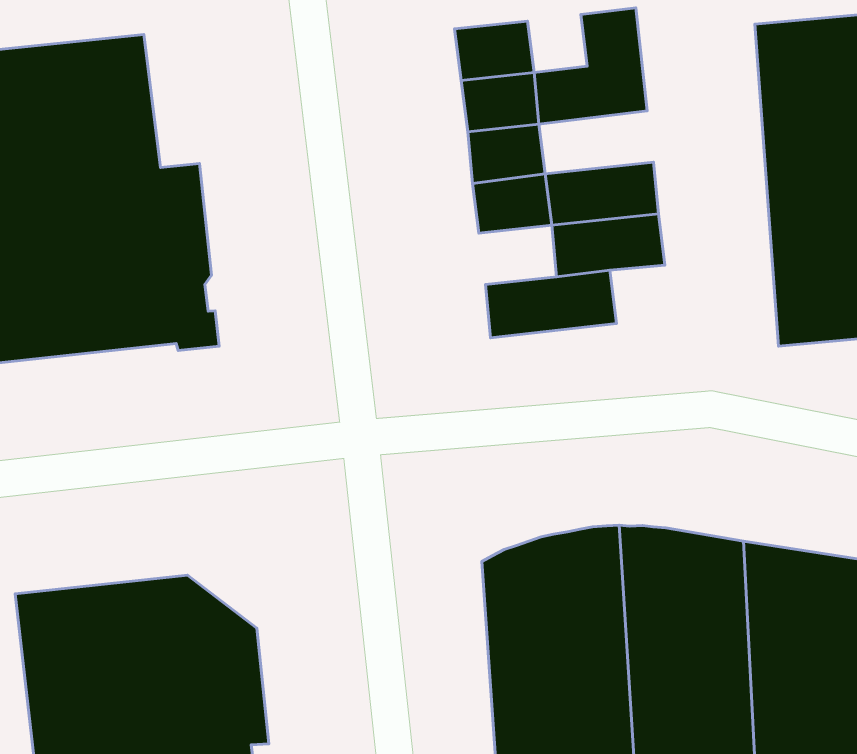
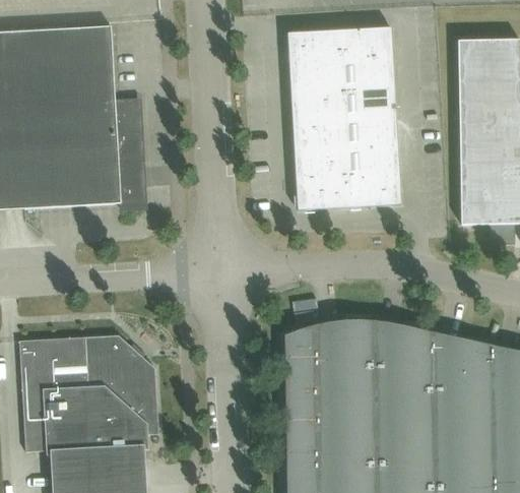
building: none -> [329,29,362,61]
building: none -> [332,86,396,119]
building: none -> [295,148,337,180]
building: none -> [368,175,401,206]

